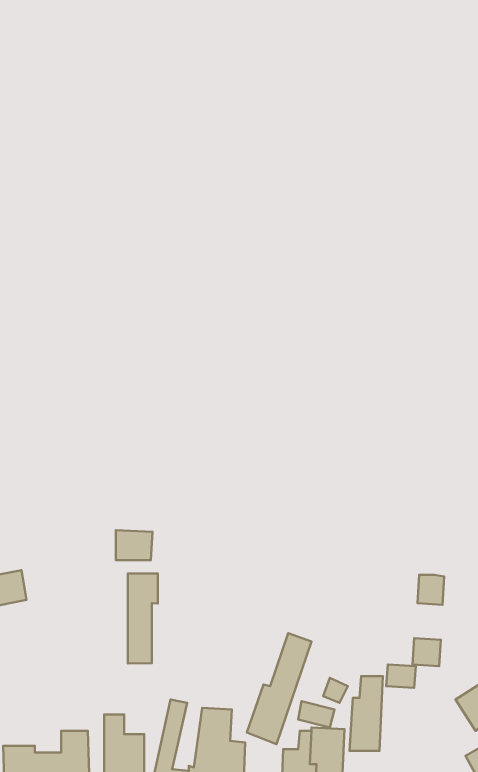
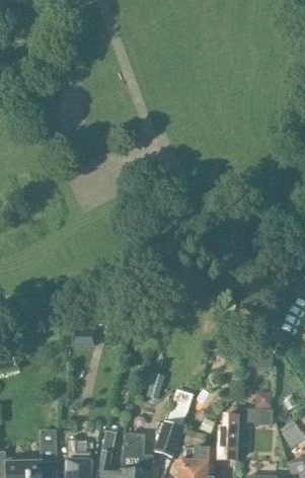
building: [128,573,158,663] -> none

